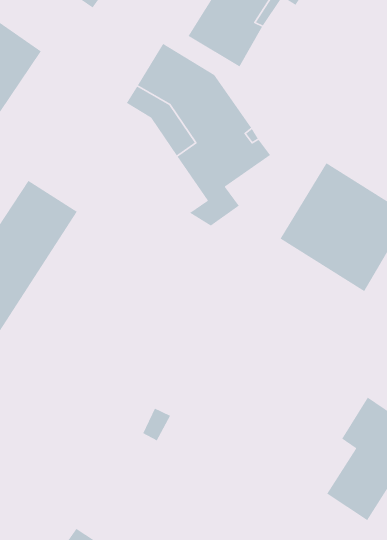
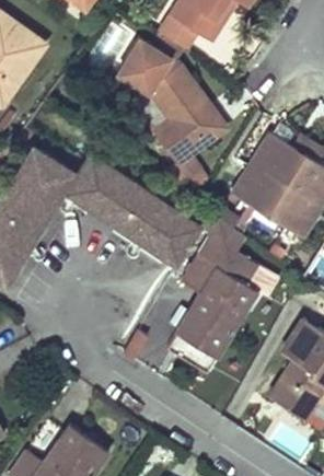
building: none -> [66,152,200,264]
building: none -> [165,219,281,372]

